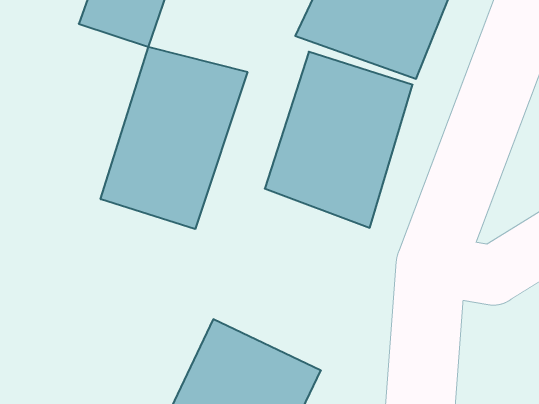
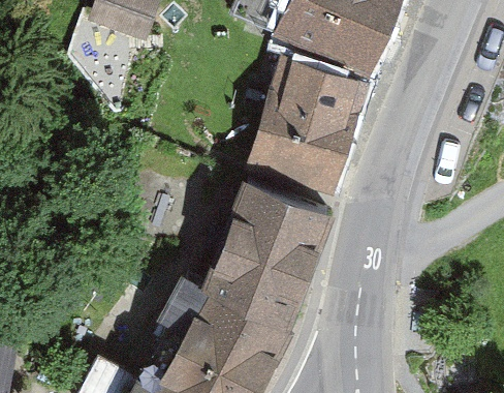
building: [101,47,247,229] -> none
building: none -> [201,175,329,324]

